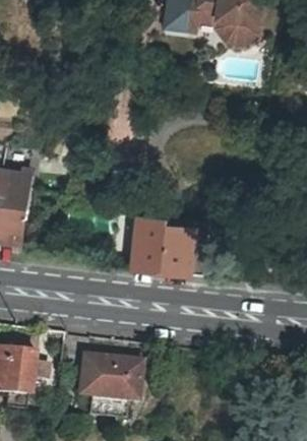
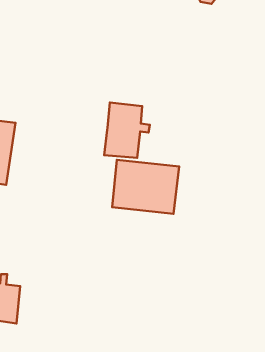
building: none -> [104,102,150,158]
building: [77,352,145,417] -> none

